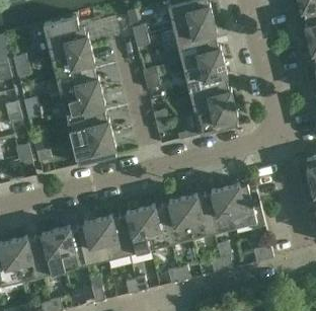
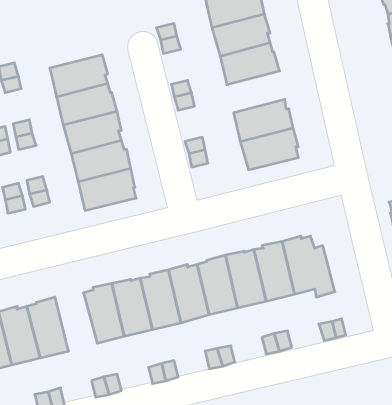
building: [43,15,90,57] -> none
building: [183,59,227,90] -> none
building: [55,225,86,268] -> none

